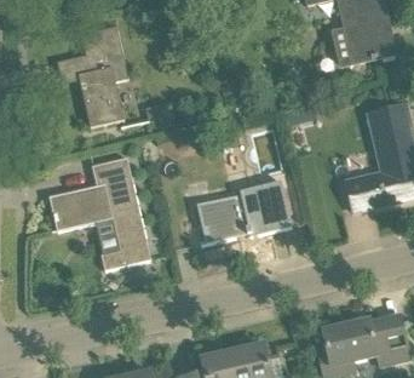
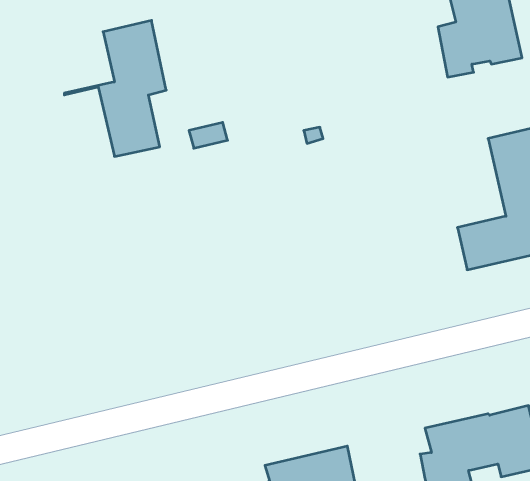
building: [50,156,151,269] -> none
building: [190,185,284,245] -> none

